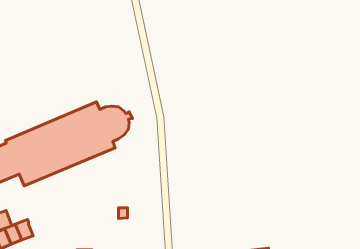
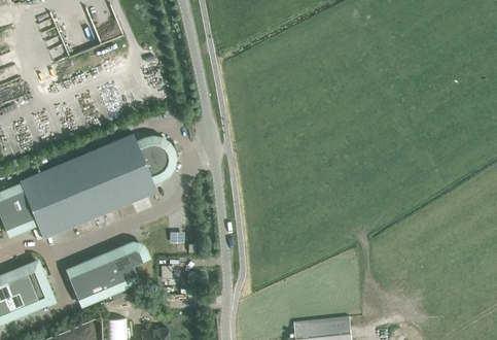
building: none -> [66,243,147,305]
building: none -> [19,262,45,288]

